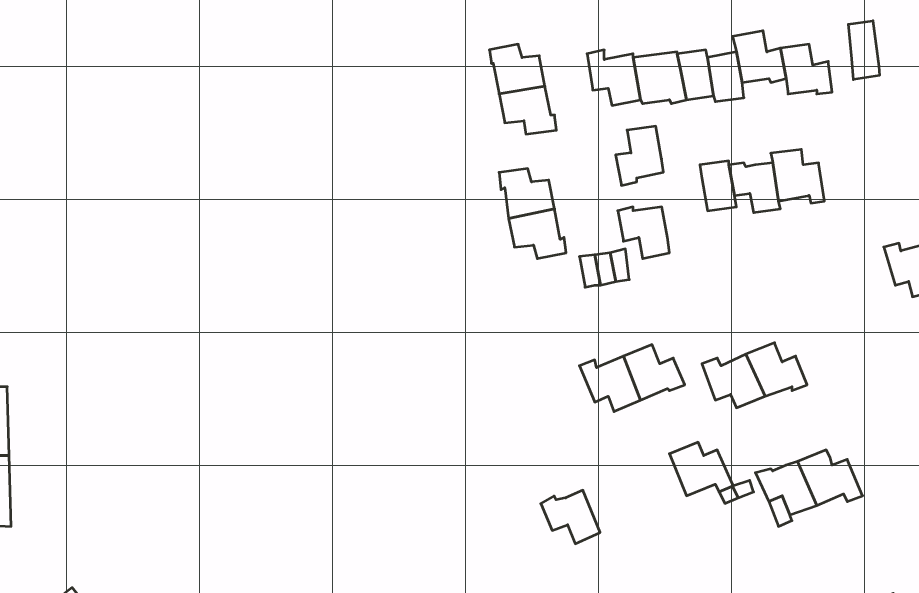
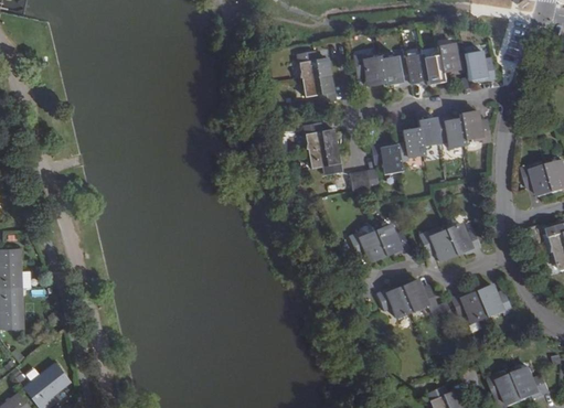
building: [848,21,879,80] -> none
building: [616,126,663,185] -> [395,128,423,162]
building: [541,490,600,544] -> [375,287,409,318]

